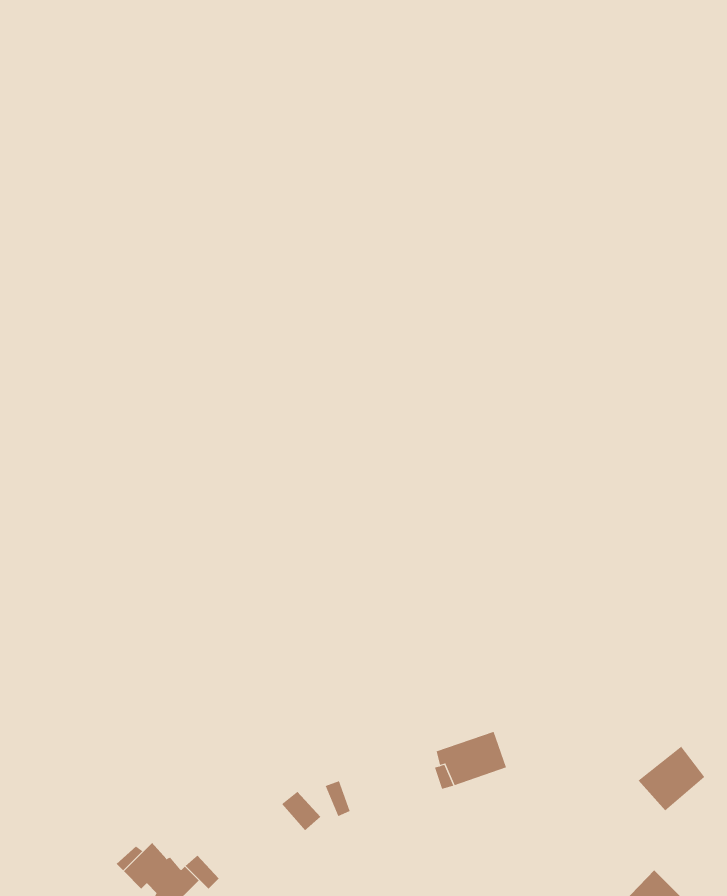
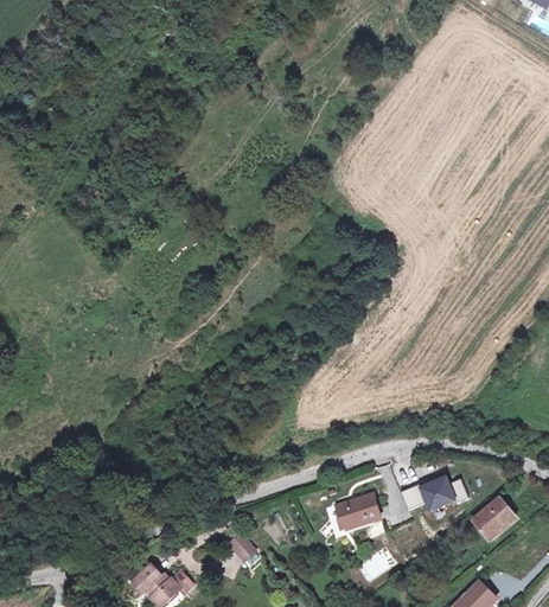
building: none -> [401,475,470,509]

